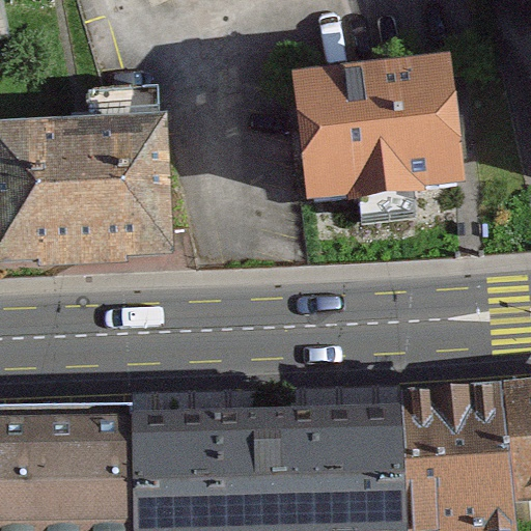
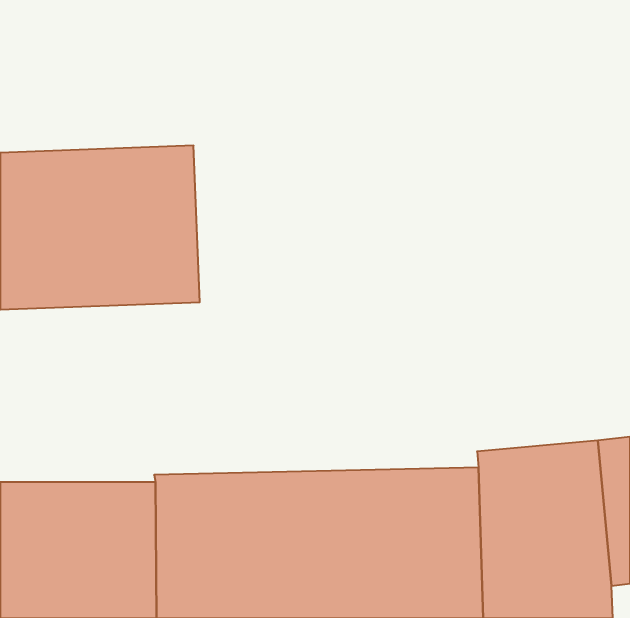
building: [294,64,458,207] -> none

